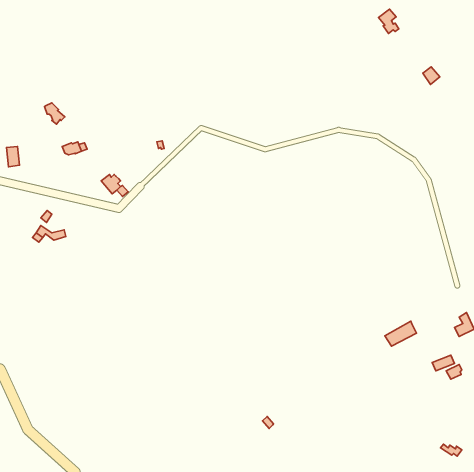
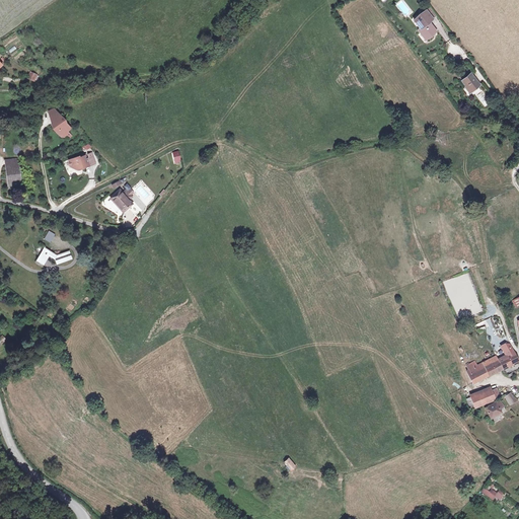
building: [385,321,416,346] -> [467,355,502,382]

